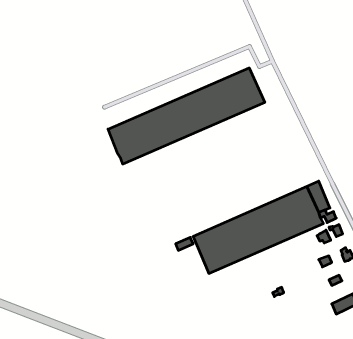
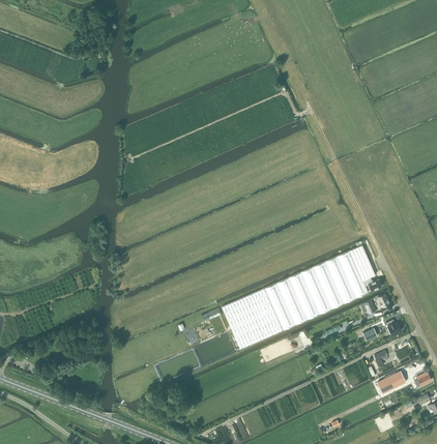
building: [108,68,265,164] -> none

